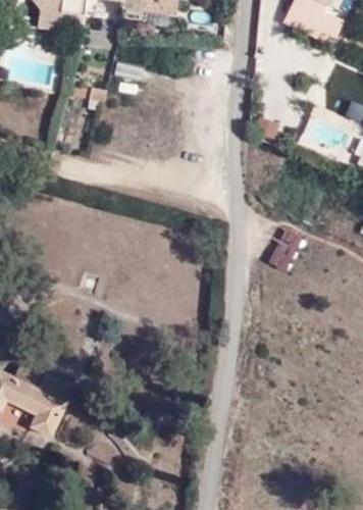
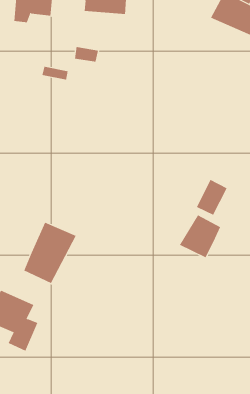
building: none -> [179,214,221,258]
building: none -> [24,222,76,284]

